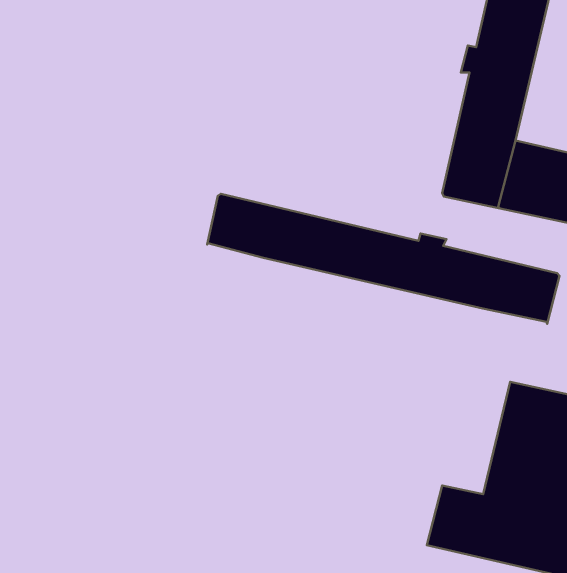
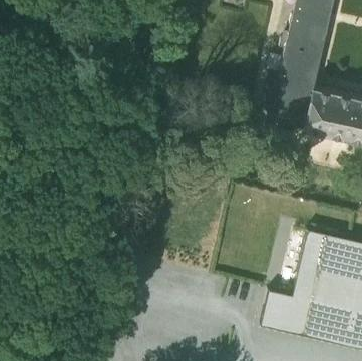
building: [207,194,560,324] -> none

